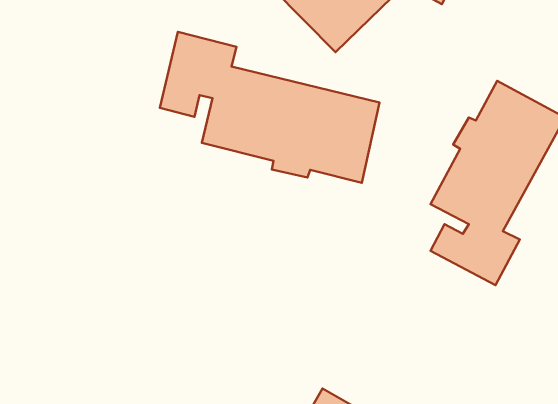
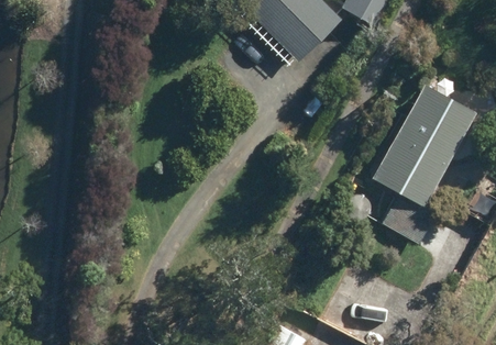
building: [160,32,379,183] -> none

